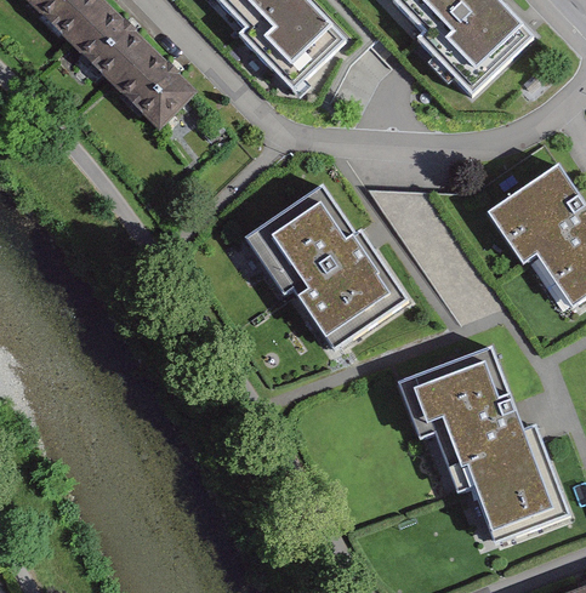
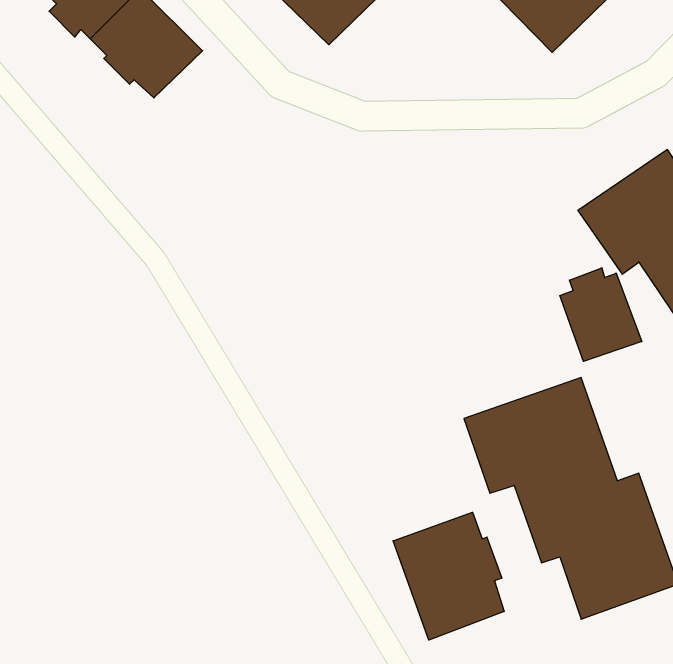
building: [245,184,410,349] -> none
building: none -> [560,268,642,361]
building: none -> [393,512,504,640]

